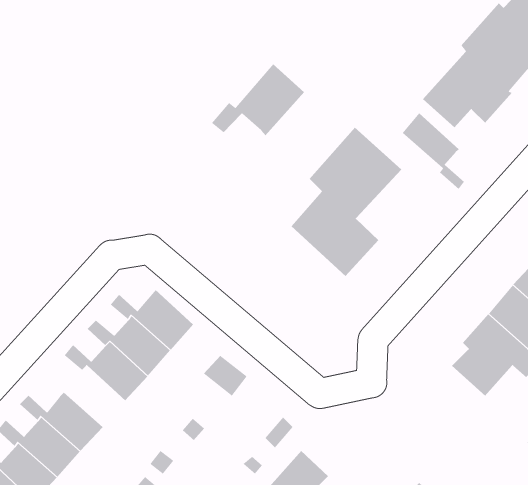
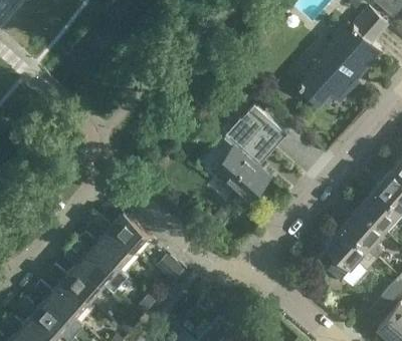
building: [211,64,305,136] -> none
building: [402,112,465,190] -> none
building: none -> [48,262,104,302]

